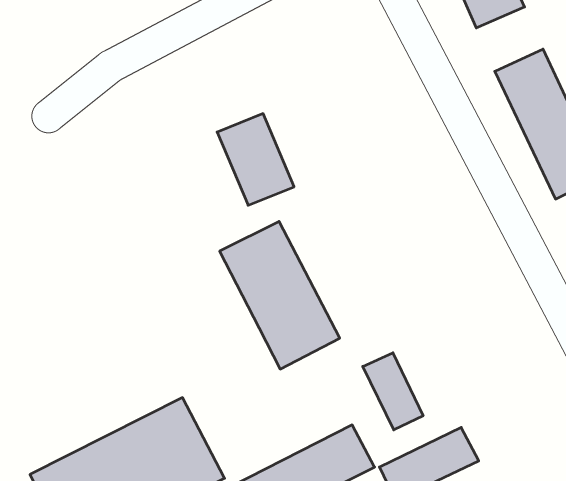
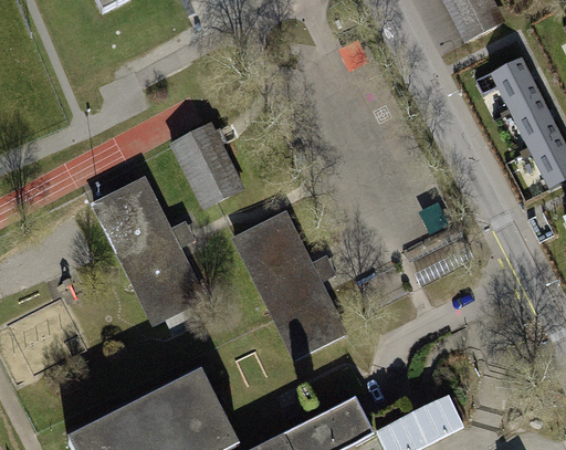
building: [217,114,294,205] -> [176,123,244,205]
building: none -> [91,175,205,324]
building: [363,353,423,430] -> none

